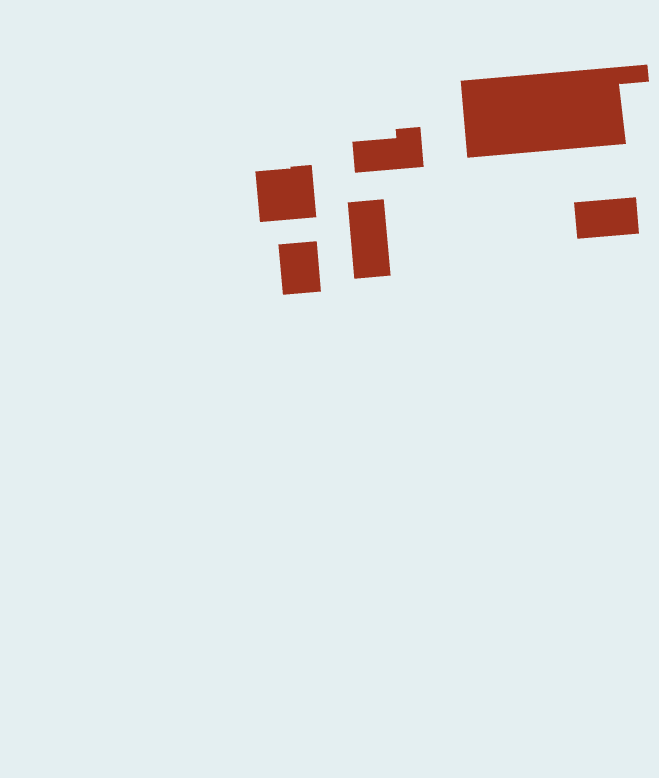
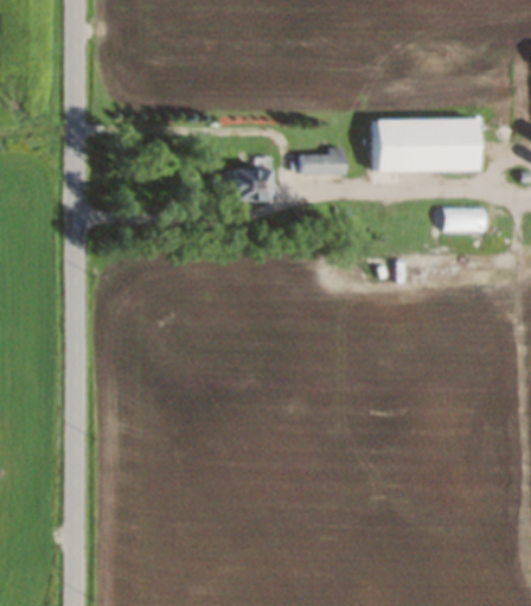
building: [347,199,391,279] -> none
building: [278,241,322,295] -> none

